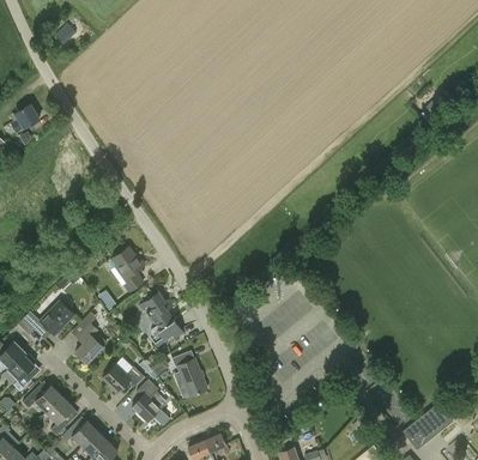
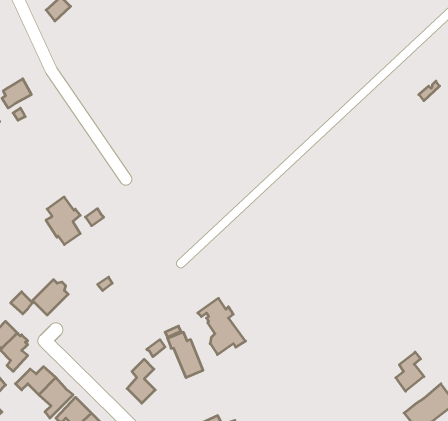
building: [110,247,144,293] -> [46,197,80,245]
building: [138,292,184,347] -> [198,298,246,355]
building: [75,322,107,364] -> none
building: [102,364,144,393] -> none
building: none -> [396,352,424,391]

